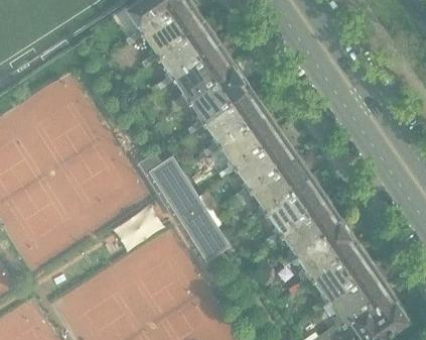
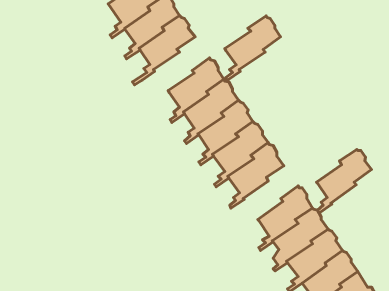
building: [174,45,233,113] -> [225,16,281,80]
building: [149,158,231,265] -> none
building: [268,181,325,247] -> [317,149,371,213]

